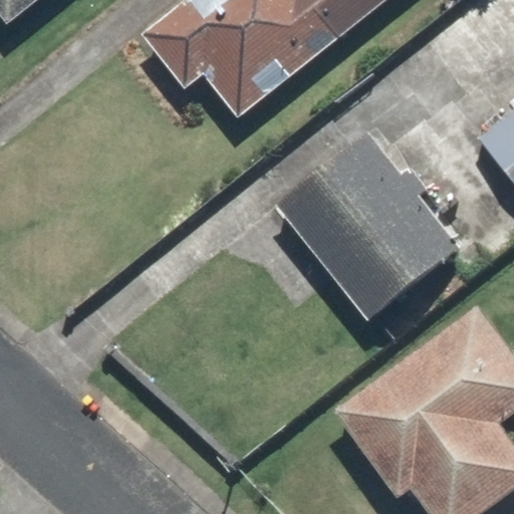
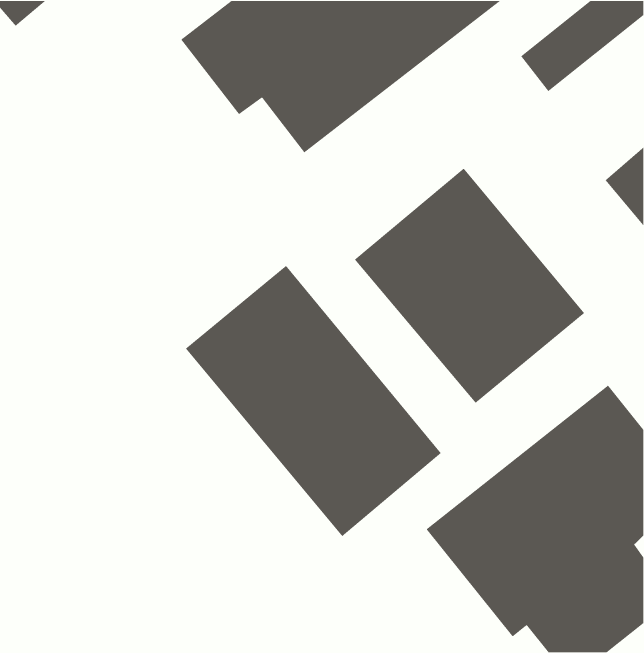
building: none -> [185,265,442,537]

